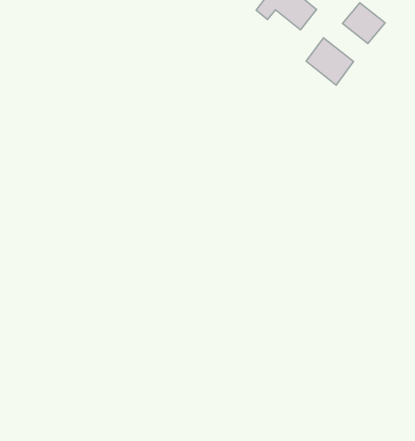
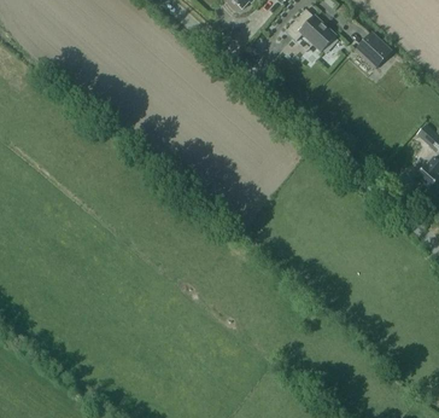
building: [306,38,354,85] -> none

